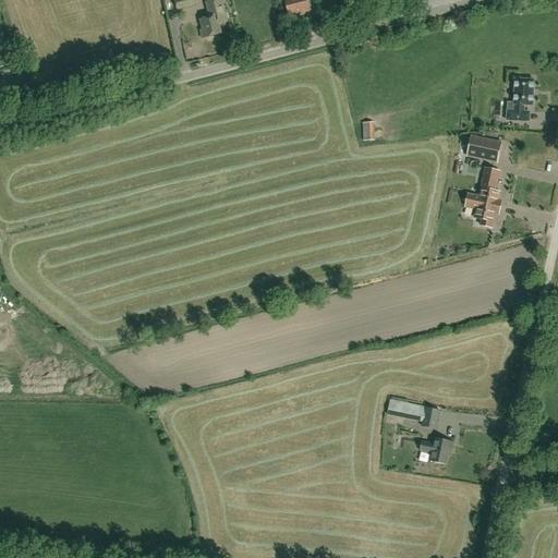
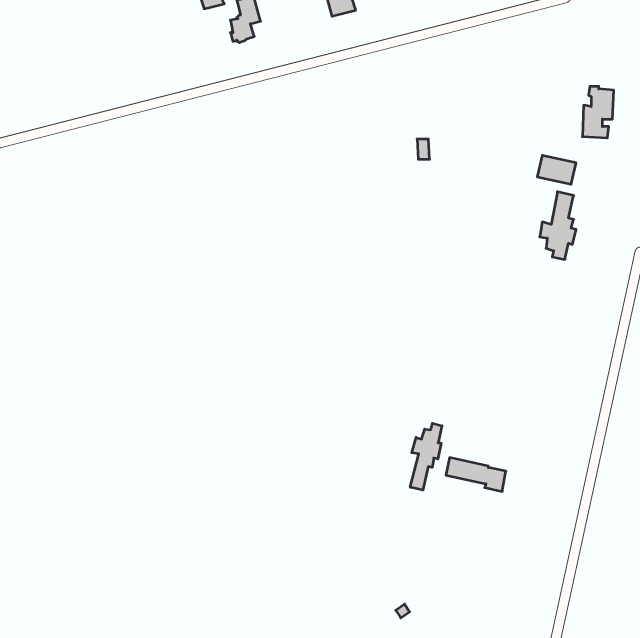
building: none -> [410,423,442,490]
building: [421,437,453,463] -> none

